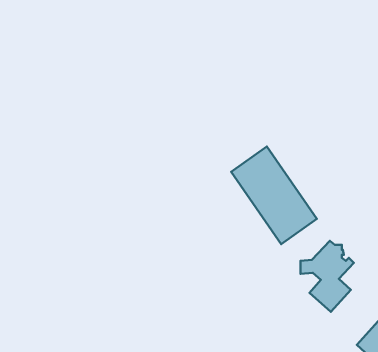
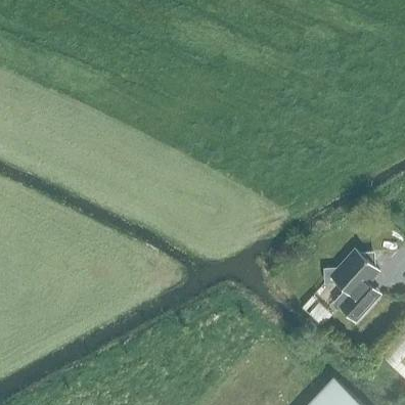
building: [231,147,317,244] -> none

